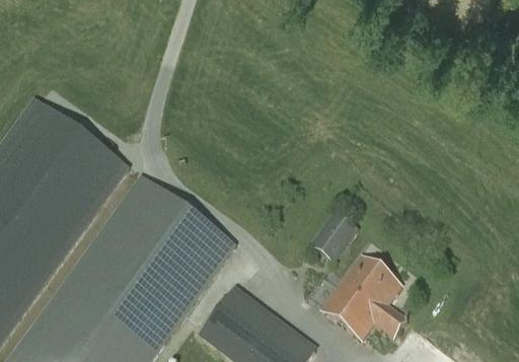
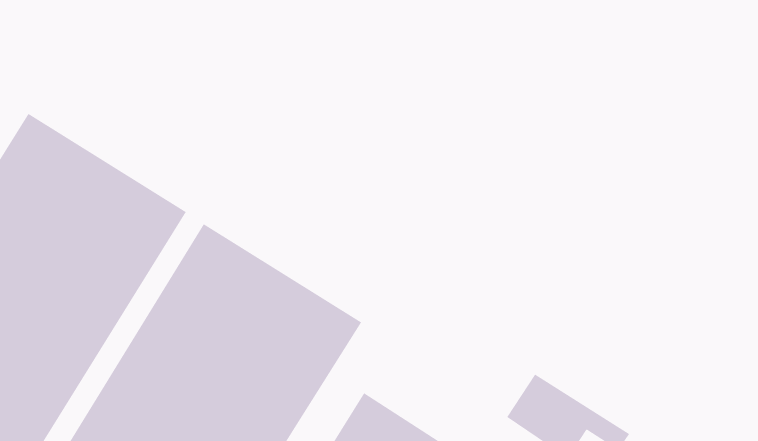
building: [311,210,360,261] -> none
building: [345,256,409,325] -> none

